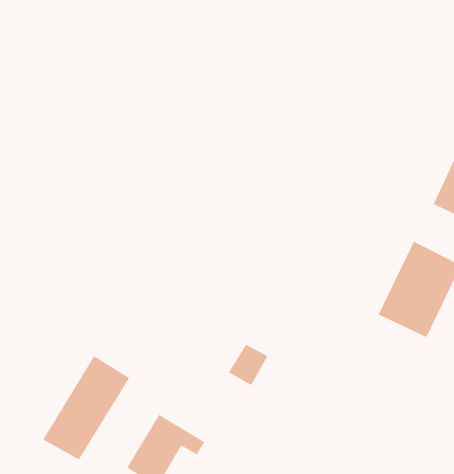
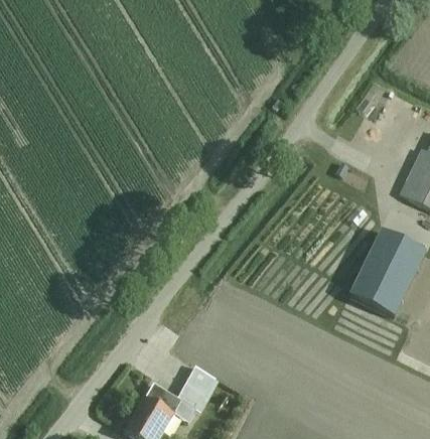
building: [228,343,268,386] -> [179,364,216,403]
building: [42,355,130,461] -> none

